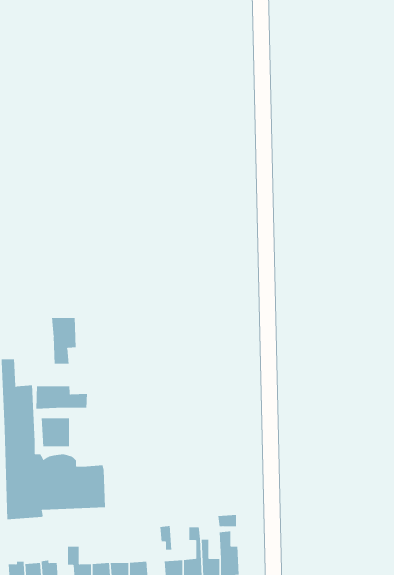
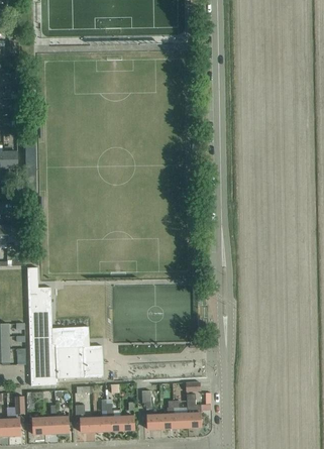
building: [51,317,76,365] -> none
building: [36,385,88,409] -> none

